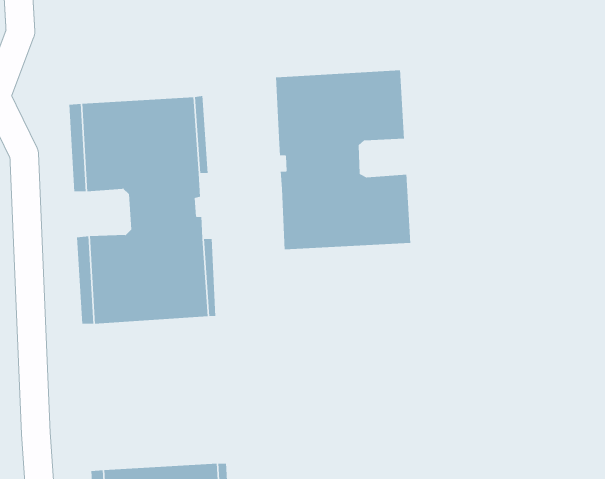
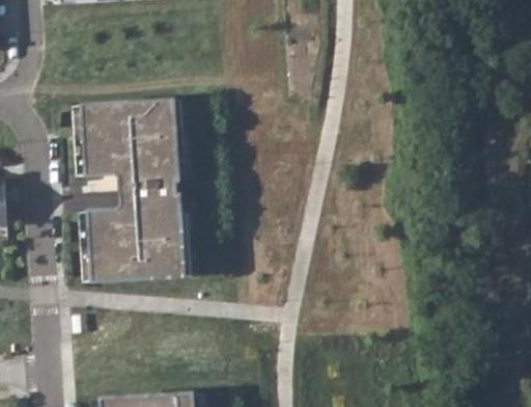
building: [276,69,411,250] -> none

